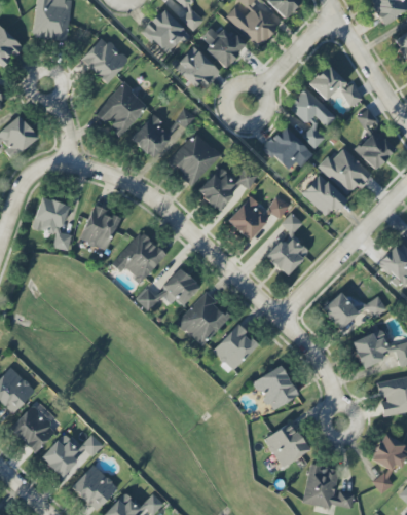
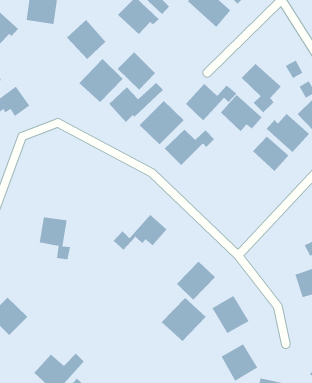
building: [205,27,248,67] -> none
building: [175,46,221,93] -> [117,52,156,90]
building: [309,64,345,101] -> none
building: [228,195,290,241] -> [185,83,237,121]
building: [34,198,72,250] -> [39,217,71,260]
building: [76,204,121,250] -> none
building: [266,213,309,275] -> none
building: [119,234,168,284] -> none
building: [322,292,360,330] -> none
building: [177,293,231,346] -> [161,297,207,342]
building: [10,406,58,453] -> none

